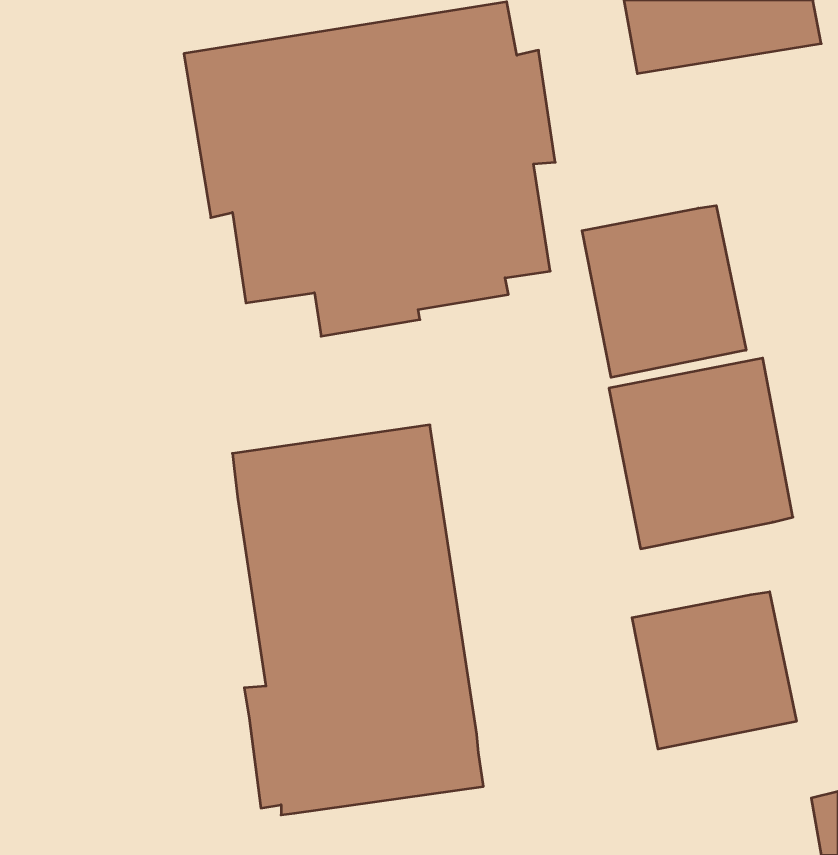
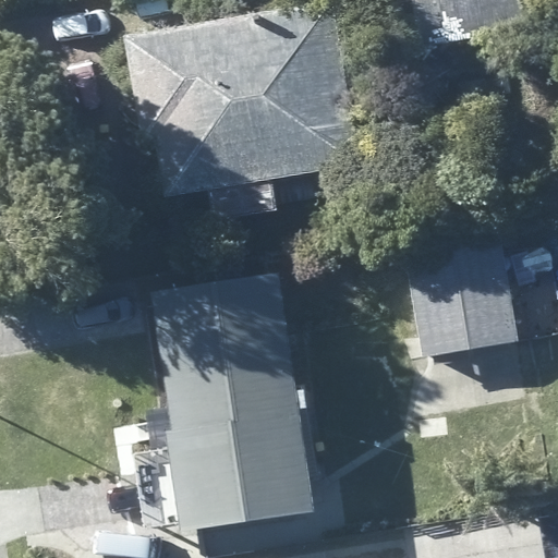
building: [582,206,746,377] -> none
building: [632,592,796,749] -> none

